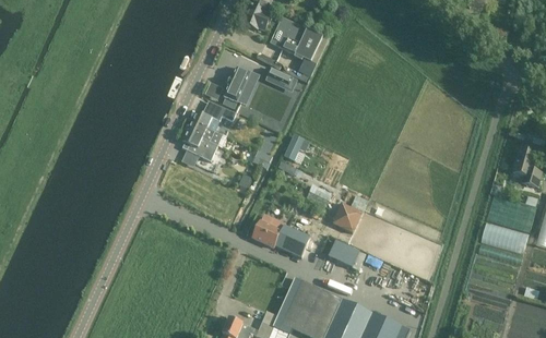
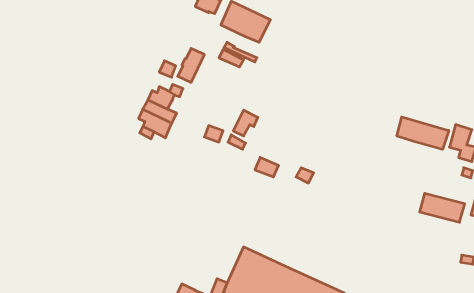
building: none -> [397,117,449,149]
building: [332,202,363,232] -> none
building: [252,216,310,257] -> none
building: [329,239,360,266] -> none

